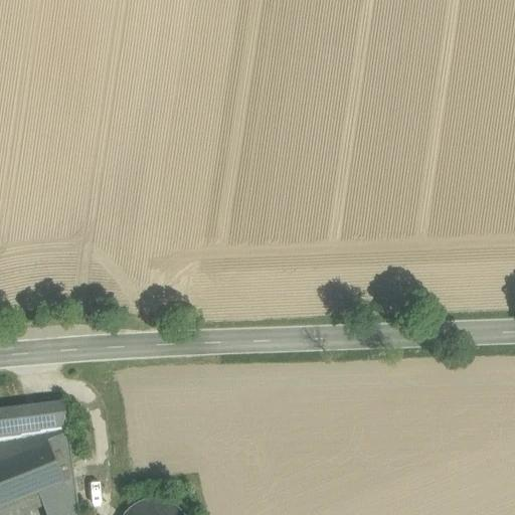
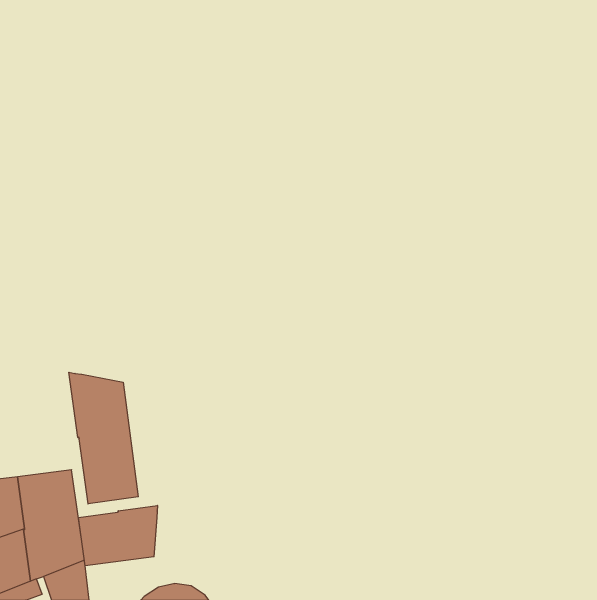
building: none -> [69,372,138,504]
building: none -> [78,505,157,566]

